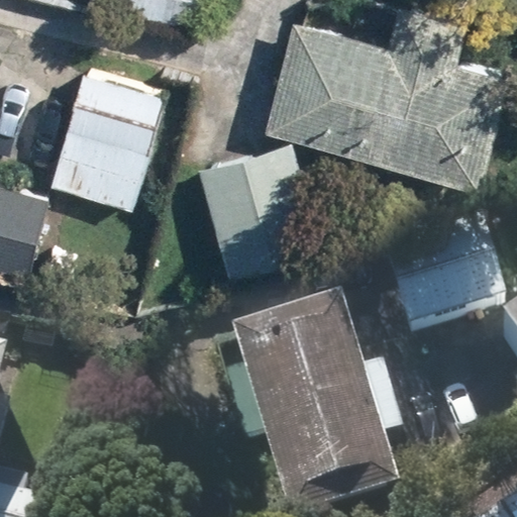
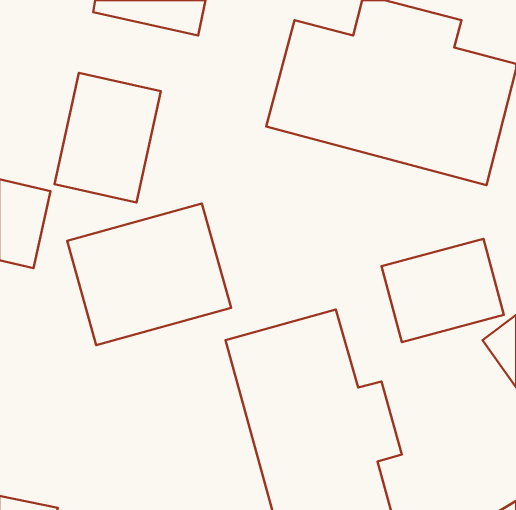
building: [198,141,324,281] -> none
building: none -> [67,204,231,345]

